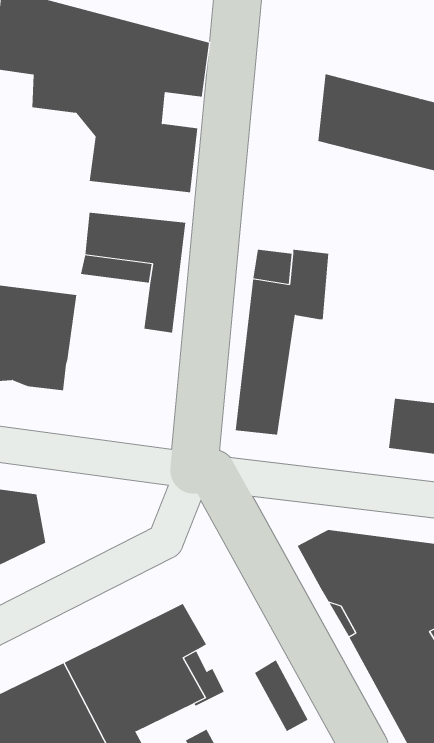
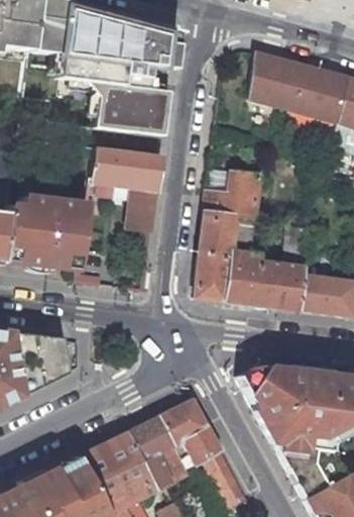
building: none -> [225,218,305,309]
building: none -> [160,399,221,462]

